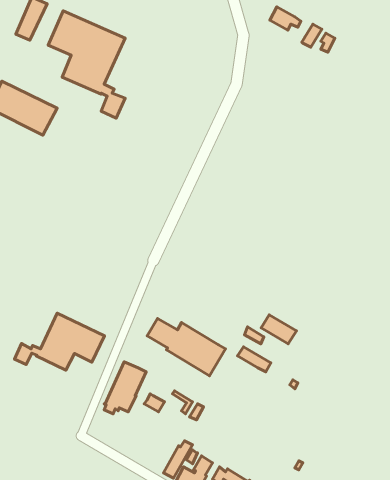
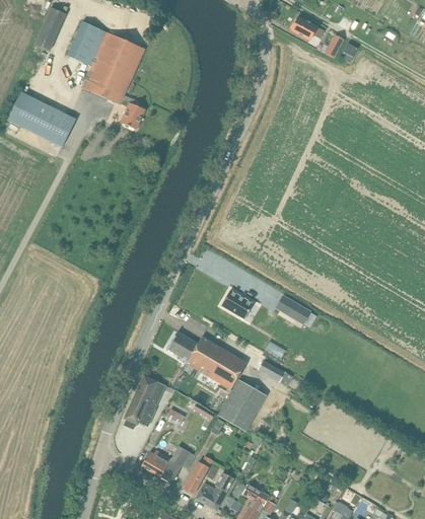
building: none -> [220,290,253,319]
building: [14,313,104,370] -> none
building: [261,315,296,344] -> [275,295,310,324]
building: none -> [217,379,267,432]
building: none -> [141,446,195,484]

